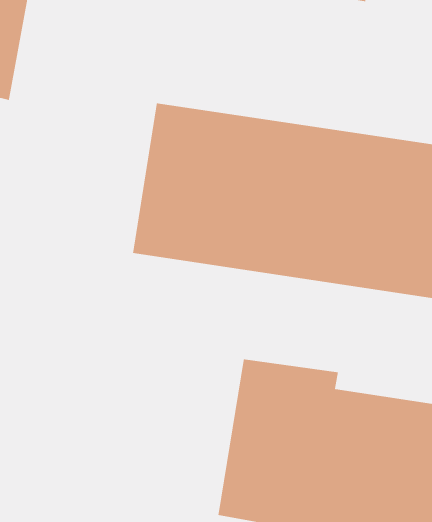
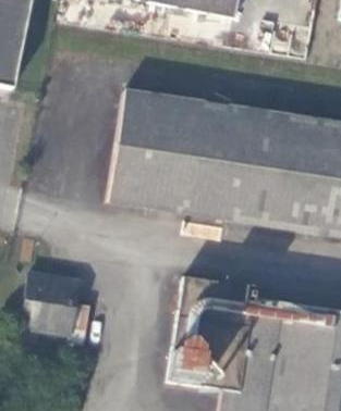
building: none -> [25,284,95,351]

